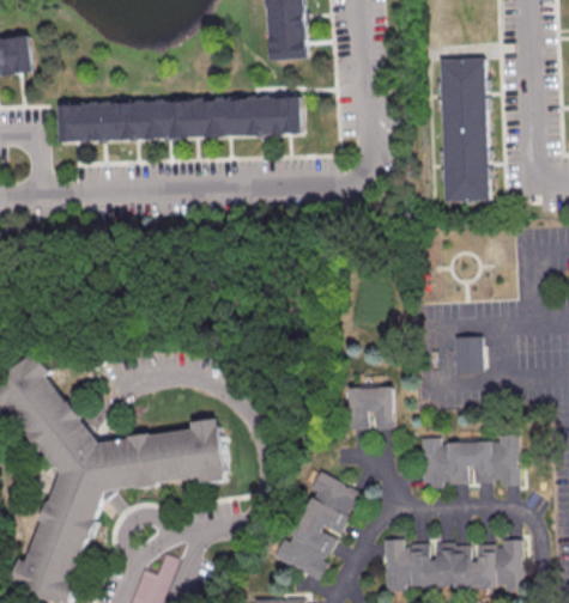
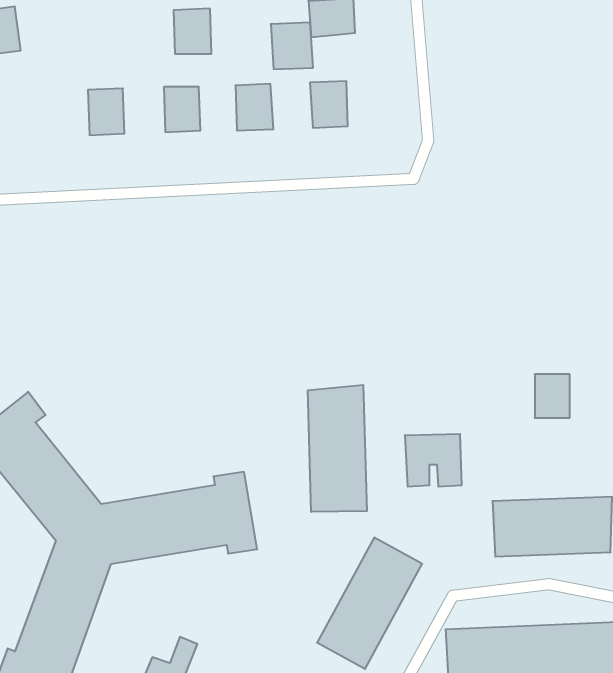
building: [438,57,490,201] -> none
building: [236,97,271,135] -> [271,23,313,69]
building: [177,99,208,136] -> [174,9,211,54]
building: [115,100,150,139] -> none
building: [56,103,87,140] -> none
building: none -> [308,385,367,512]

